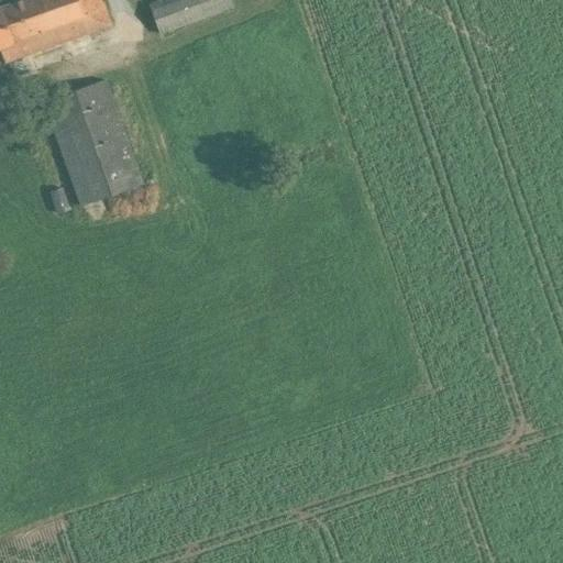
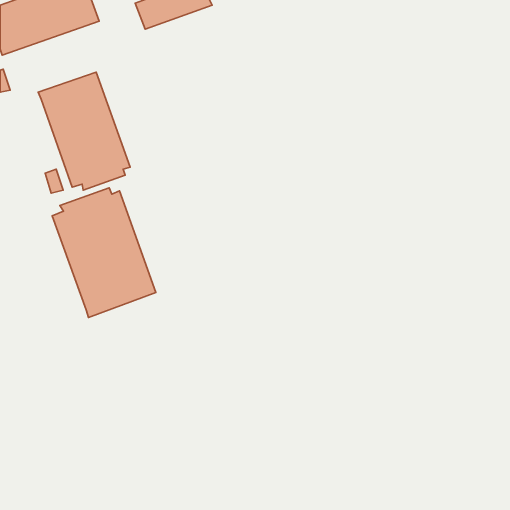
building: none -> [52,188,156,318]

